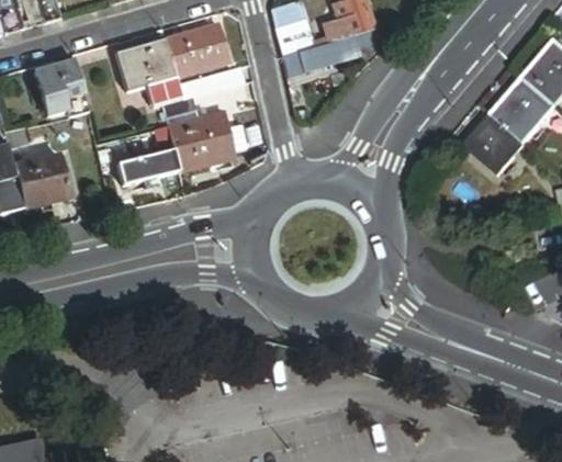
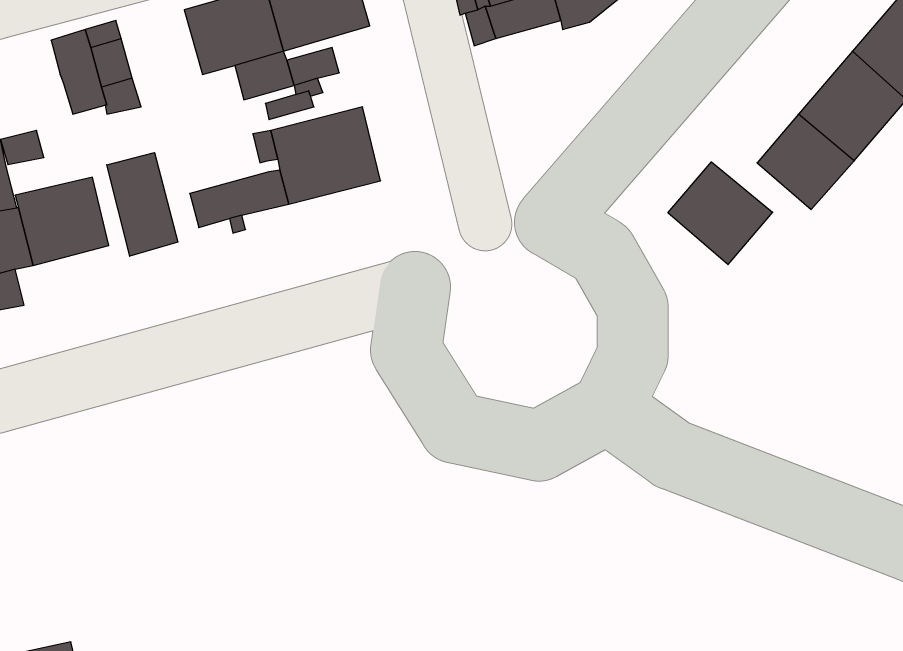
building: none -> [107,153,178,256]
building: none -> [668,162,773,265]

